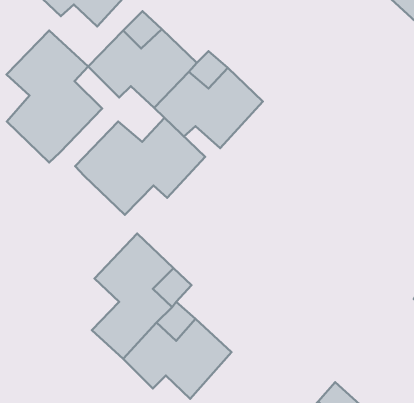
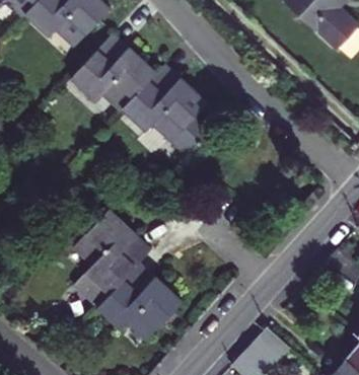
building: [7,30,102,162] -> none
building: [75,118,205,215] -> none

